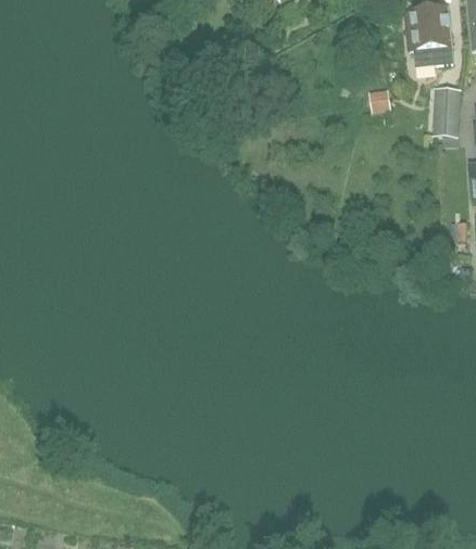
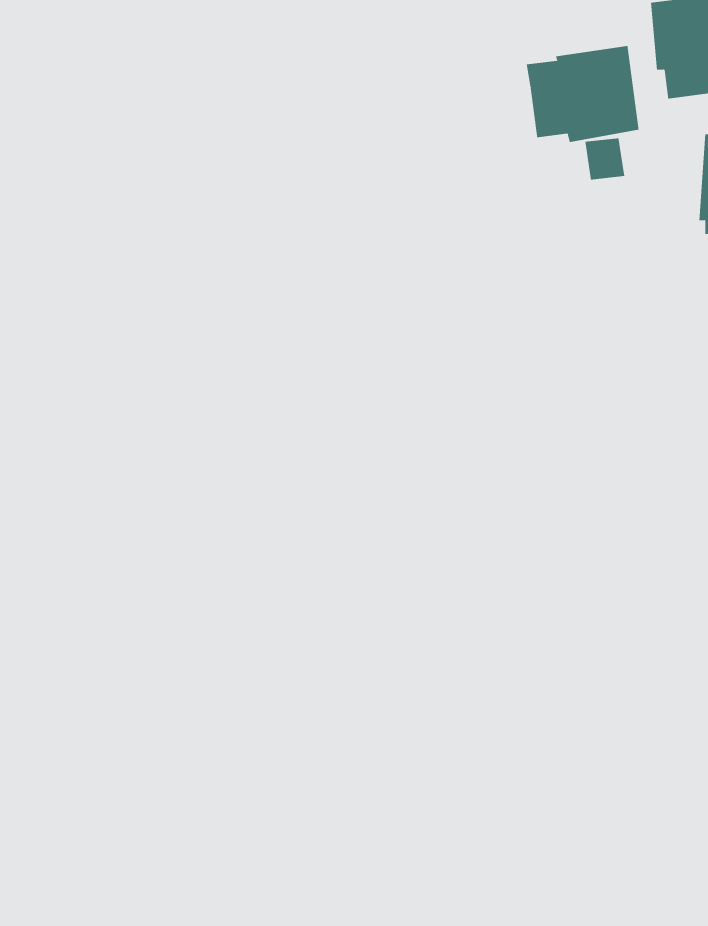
building: none -> [526,45,639,143]

